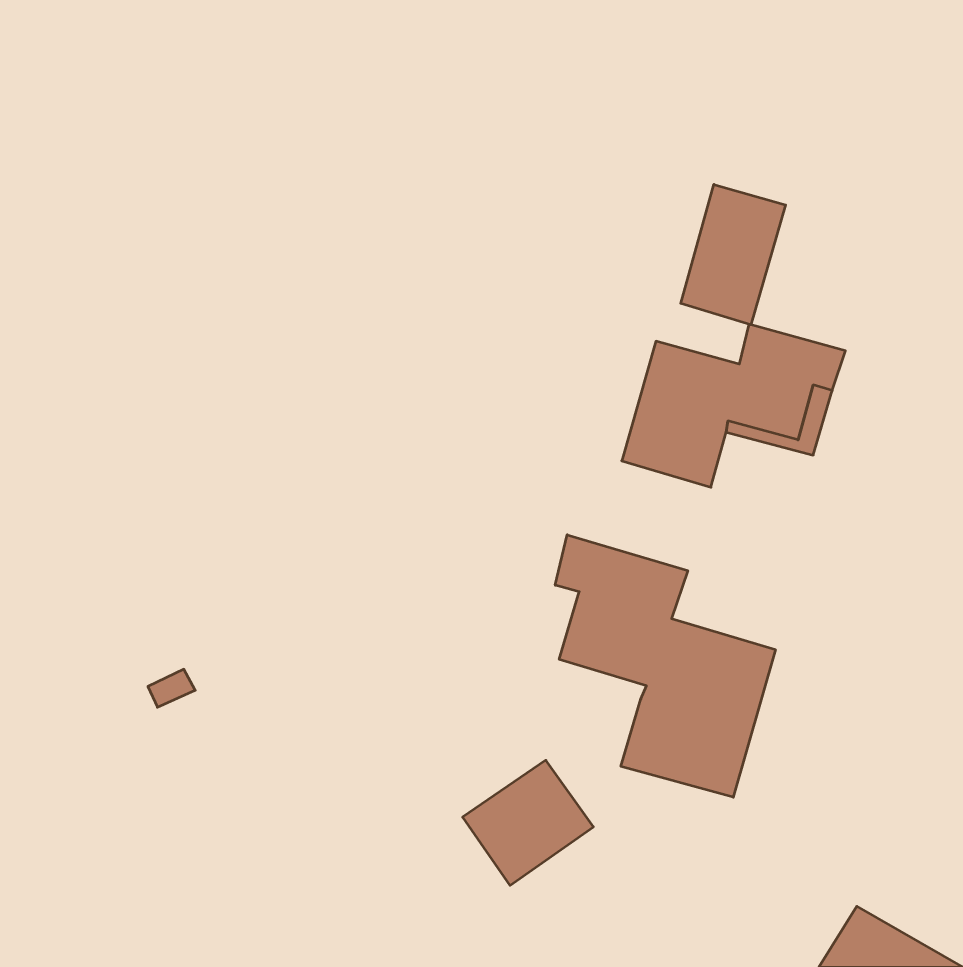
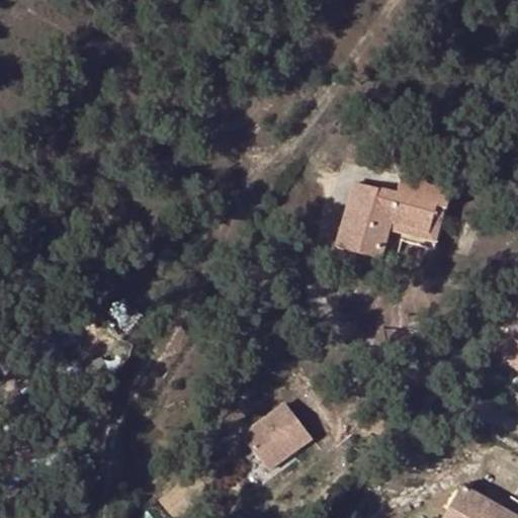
building: [681,184,786,325] -> none
building: [555,535,775,797] -> none

